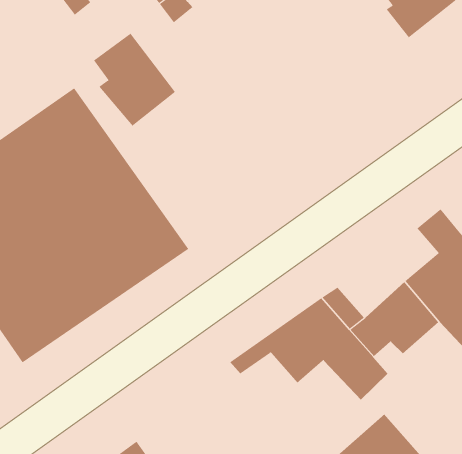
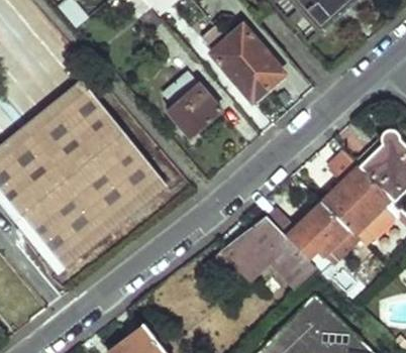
building: none -> [210,25,281,99]
building: [93,33,176,126] -> [161,73,220,138]

